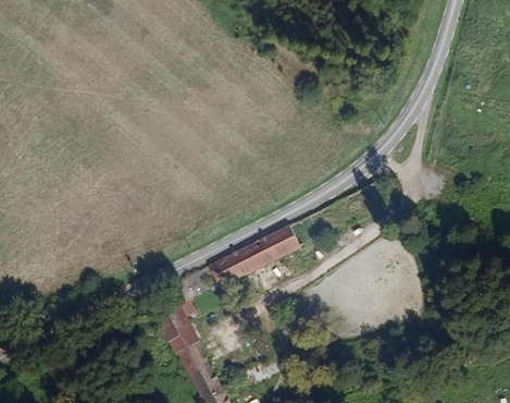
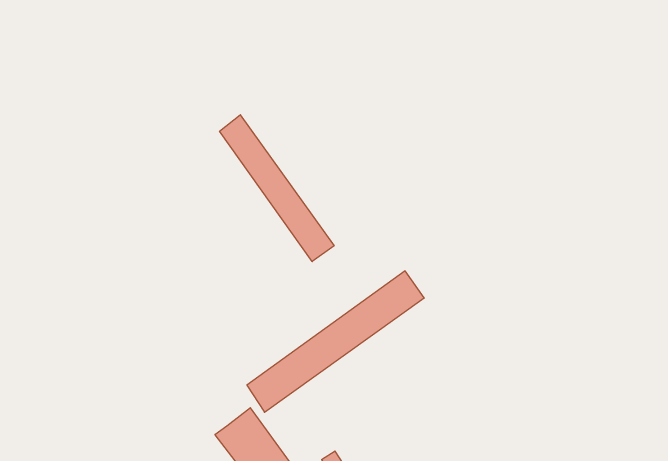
building: none -> [220,115,334,262]

